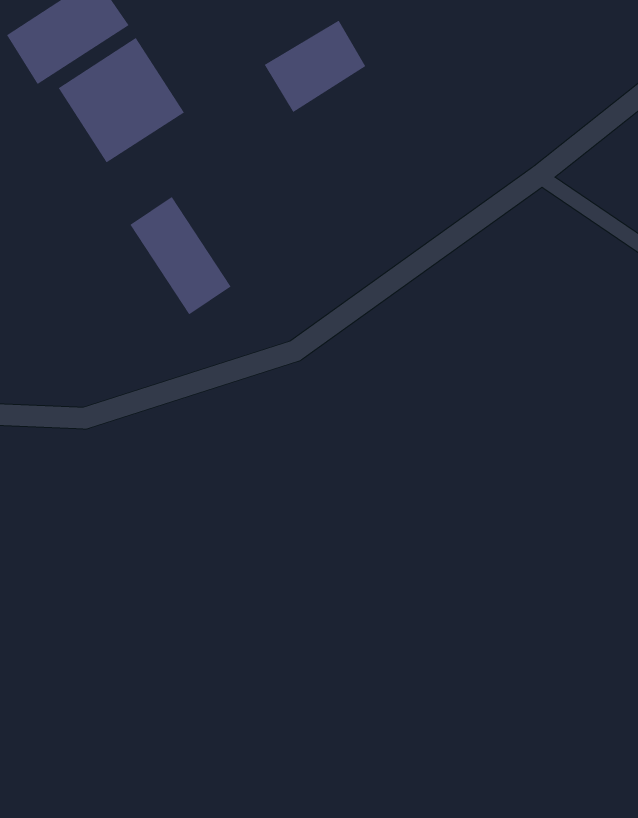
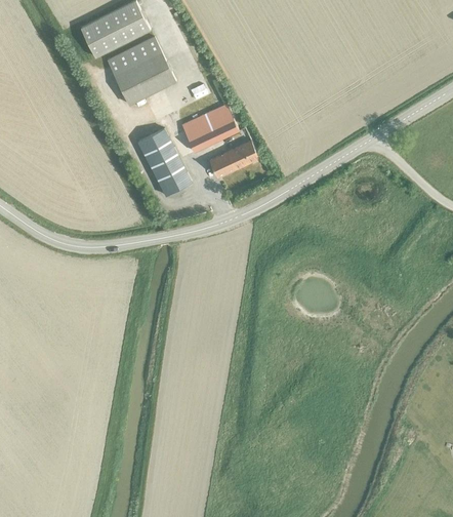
building: [264,20,366,113] -> [181,104,239,153]
building: none -> [209,141,259,177]

